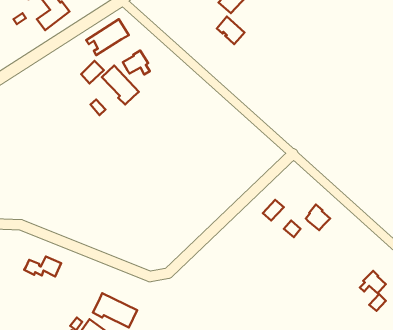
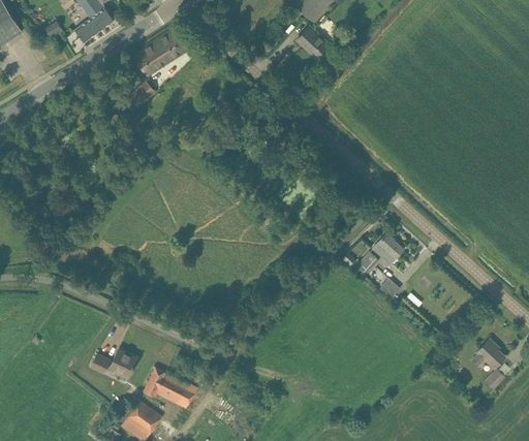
building: [123,51,150,75] -> none
building: [102,65,139,105] -> none
building: [306,204,330,230] -> [373,232,403,264]
building: [24,256,61,276] -> [90,350,135,375]

